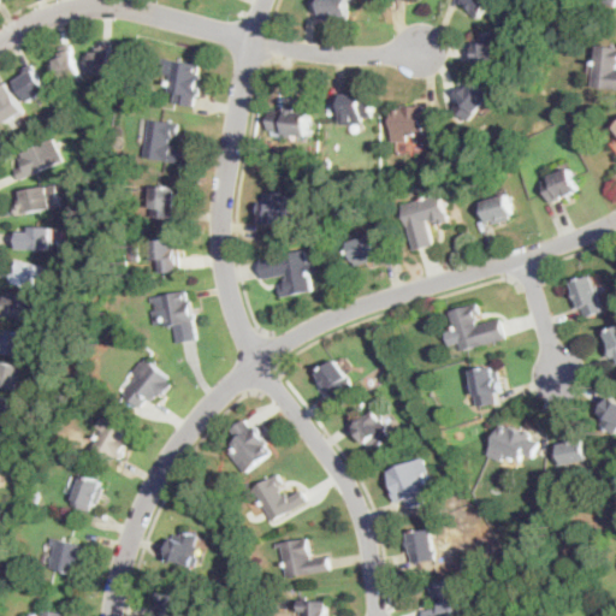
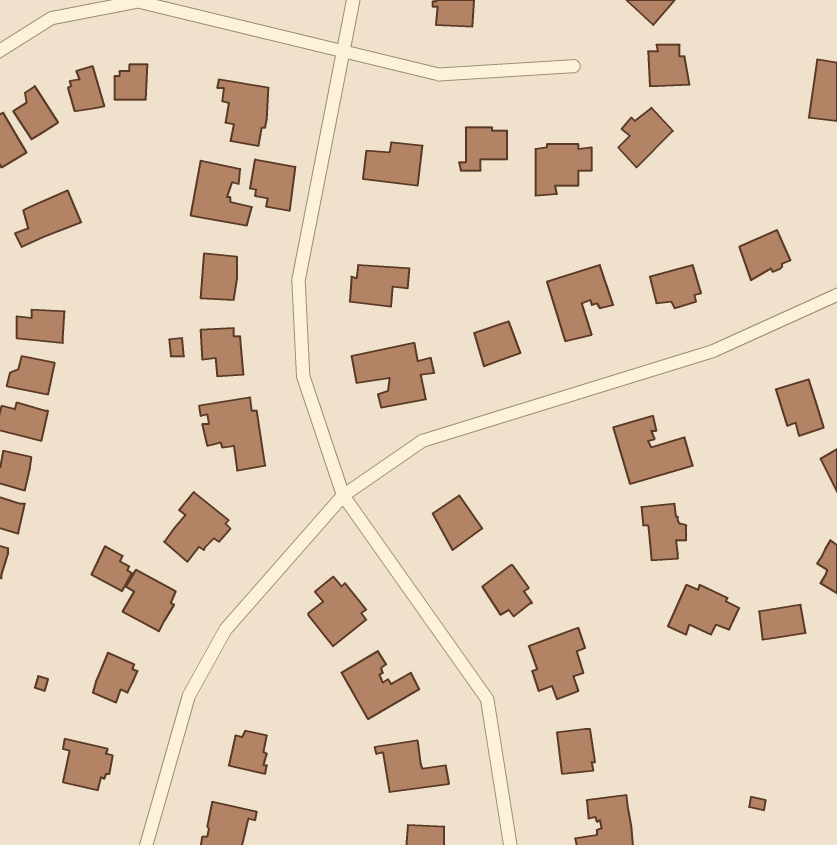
building: none -> [250,159,295,211]
building: [10,185,55,215] -> none
building: none -> [92,546,132,591]

